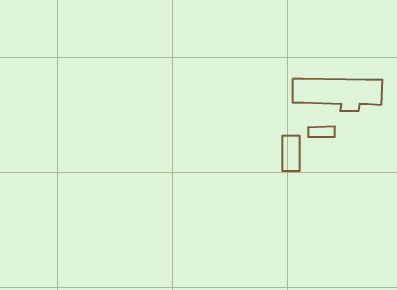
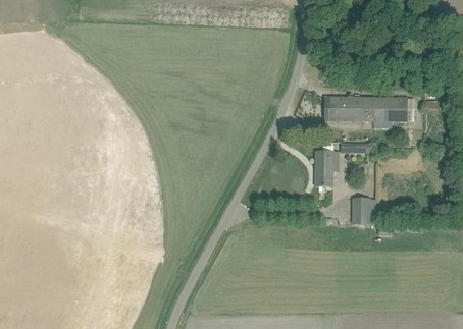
building: none -> [353,197,368,222]

